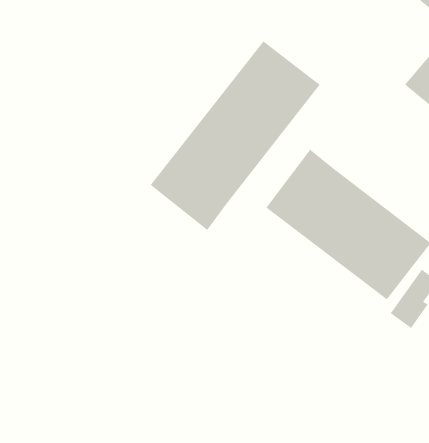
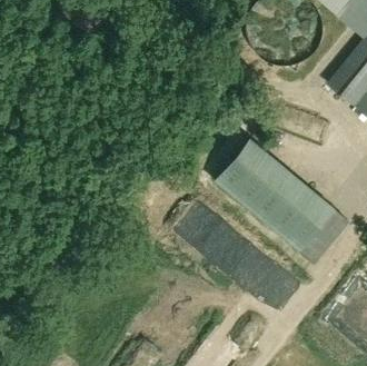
building: [150,40,320,231] -> none

